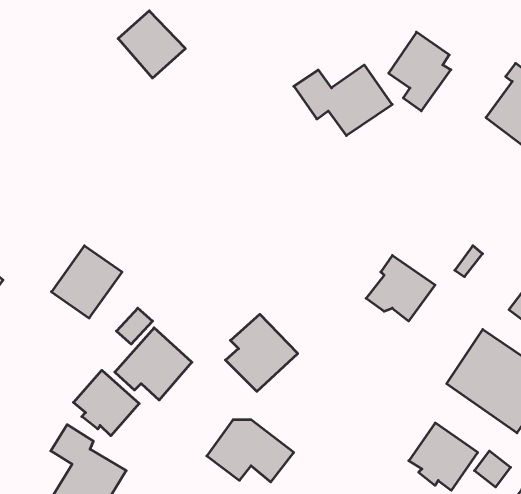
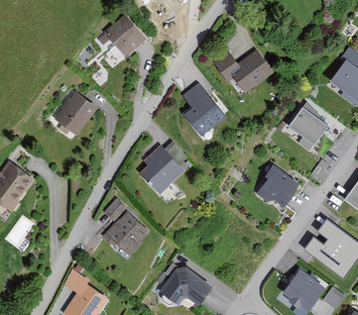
building: [389,32,451,111] -> [288,102,327,150]
building: none -> [183,84,224,135]
building: [51,246,122,318] -> [53,93,97,137]
building: [225,314,298,391] -> [140,145,185,193]
building: [73,370,139,436] -> none

